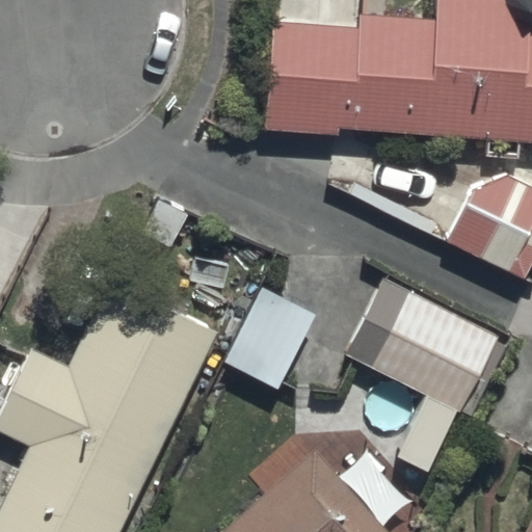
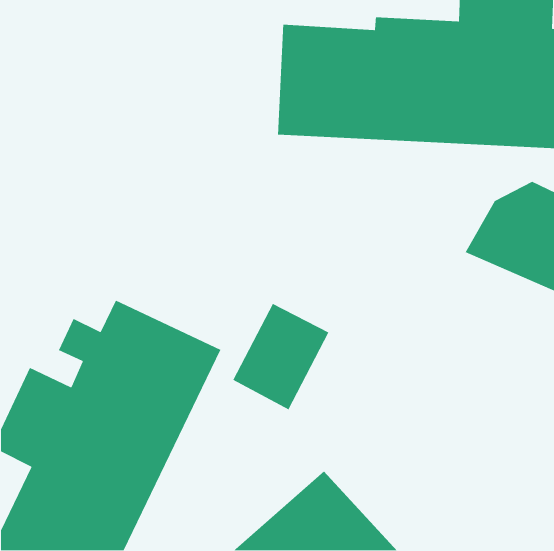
building: [344,278,499,414] -> none

